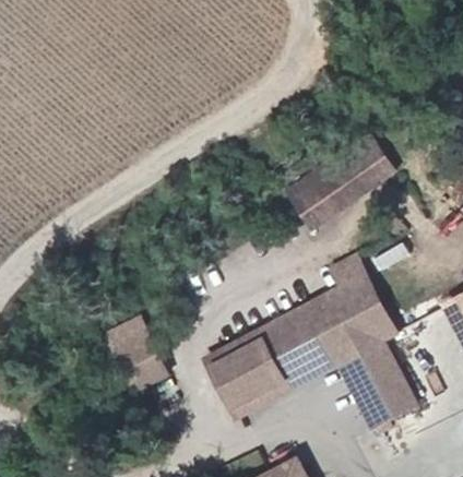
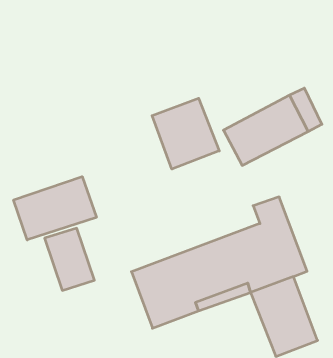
building: none -> [152,98,219,169]
building: none -> [14,177,96,240]

